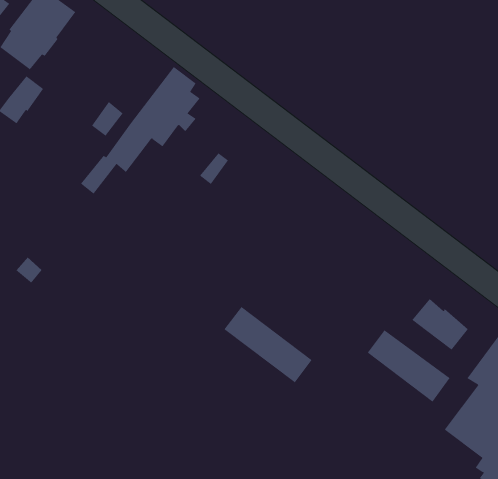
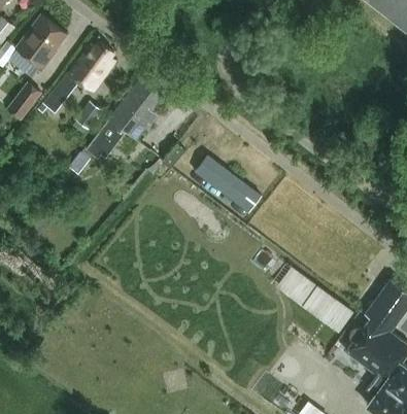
building: none -> [43,42,112,113]
building: [411,298,469,350] -> none
building: [223,306,313,383] -> [195,154,263,213]

